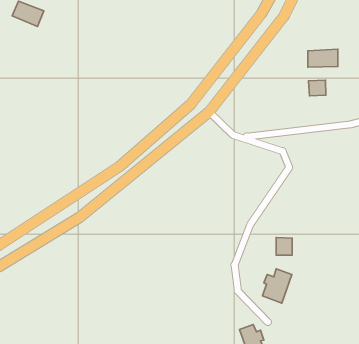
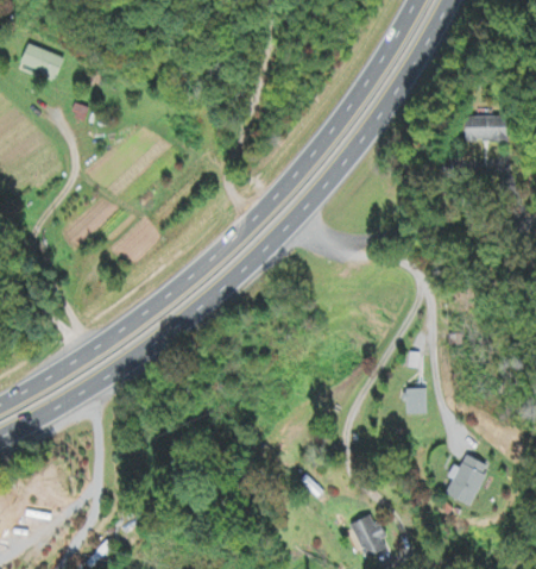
building: [308,80,326,96] -> none
building: [262,269,292,303] -> [444,457,487,507]

